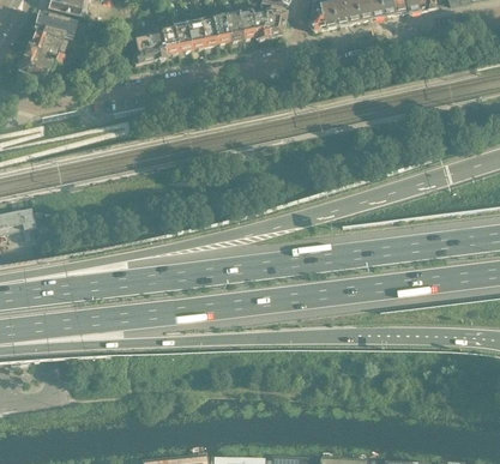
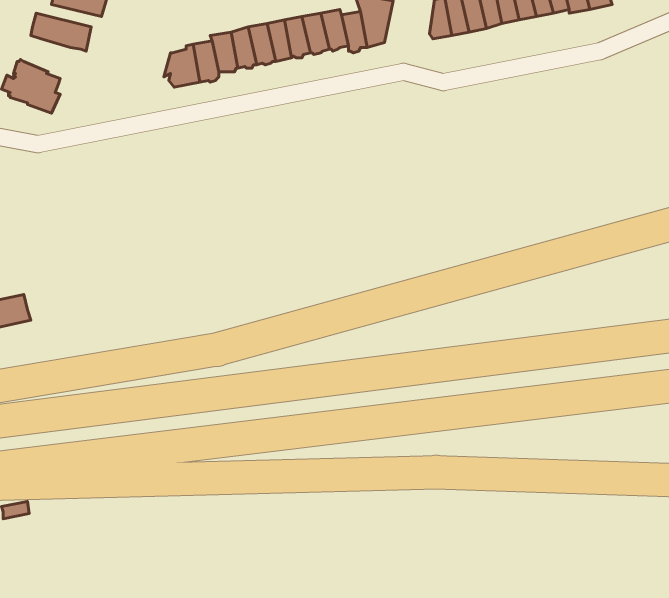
building: [29,30,67,62] -> none

